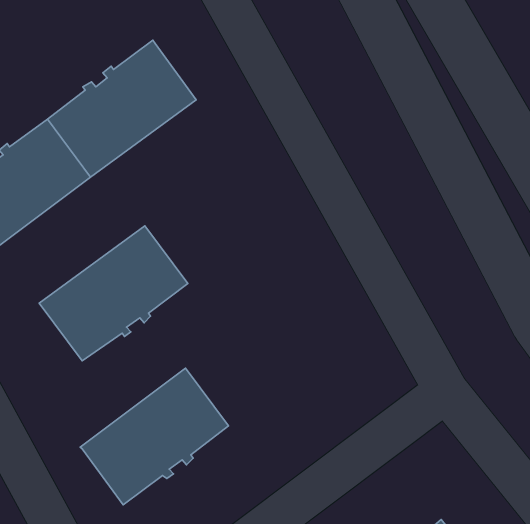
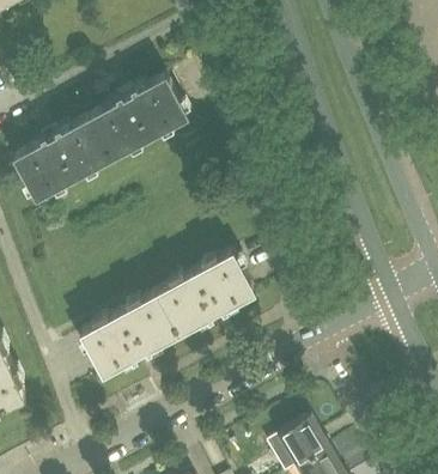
building: [39,226,188,361] -> [157,253,256,335]

